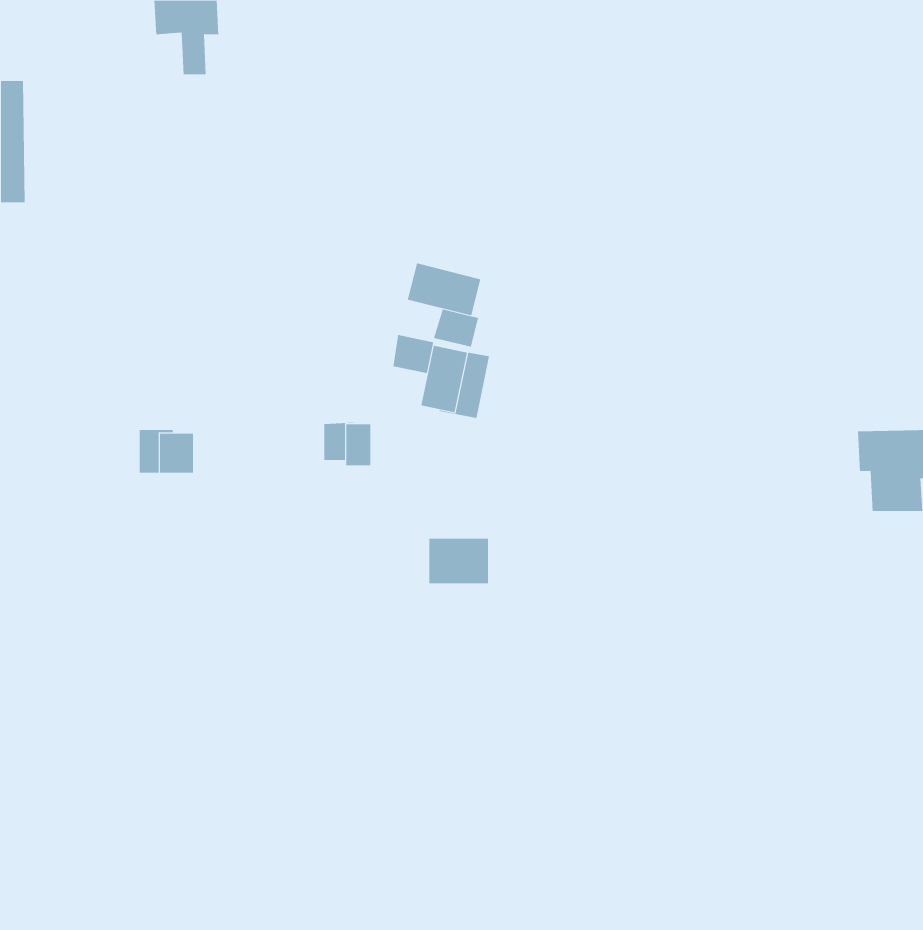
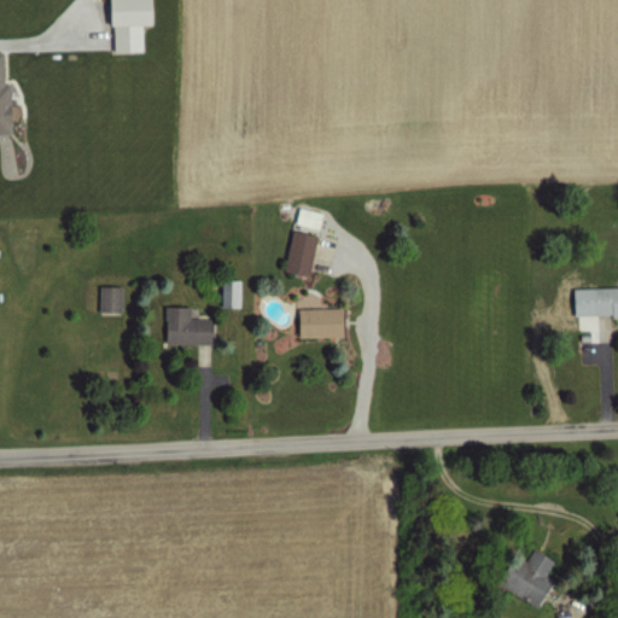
building: [407,263,481,316] -> none
building: [393,334,434,374] -> none
building: none -> [163,307,214,346]
building: [428,538,489,584] -> [299,308,339,338]
building: none -> [495,552,555,611]

